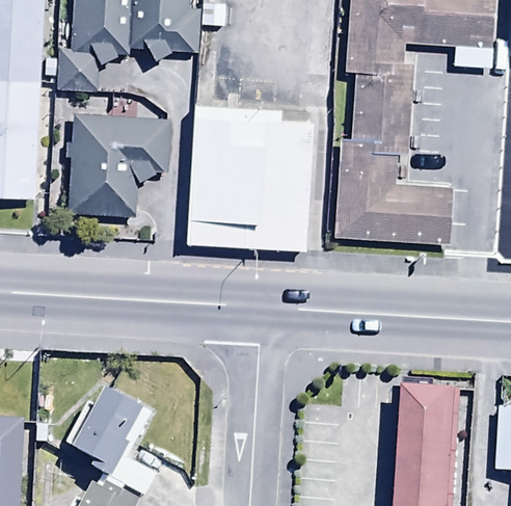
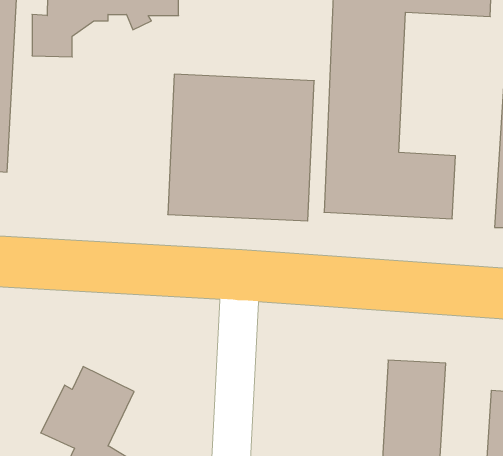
building: [66,117,170,214] -> none

